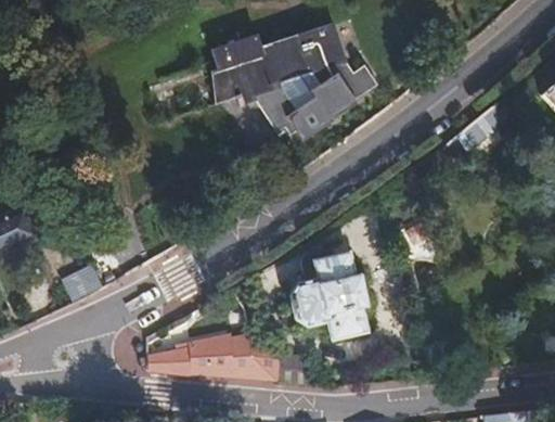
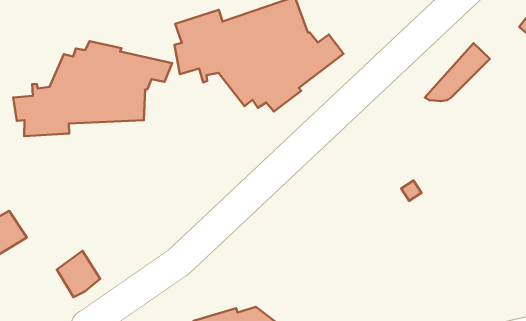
building: none -> [13,41,172,136]
building: [285,244,367,340] -> none

